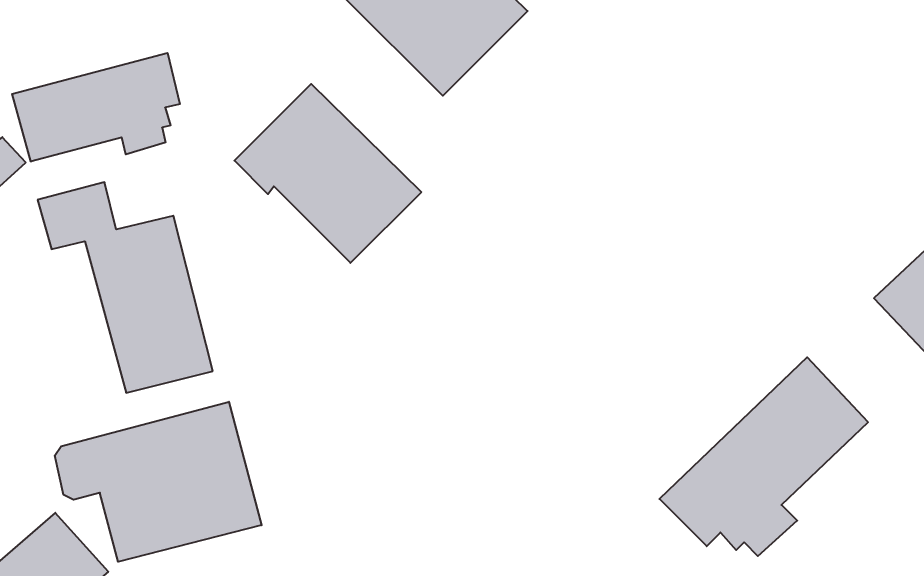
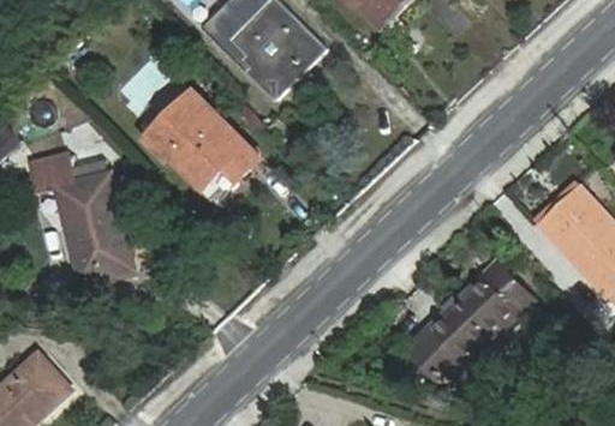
building: [12,53,180,162] -> none
building: [55,402,262,562] -> none

